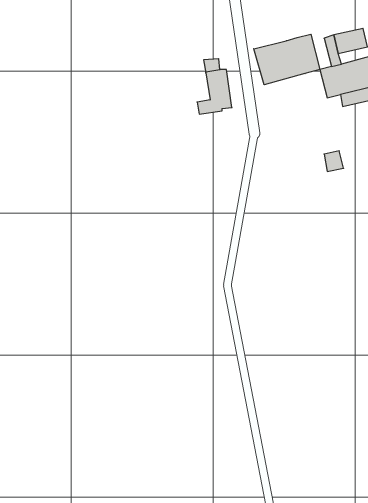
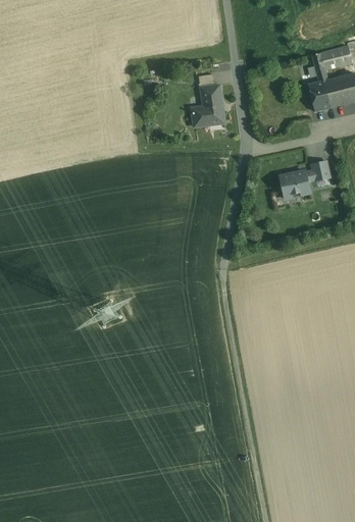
building: [254,34,320,85] -> none
building: none -> [281,169,310,195]

